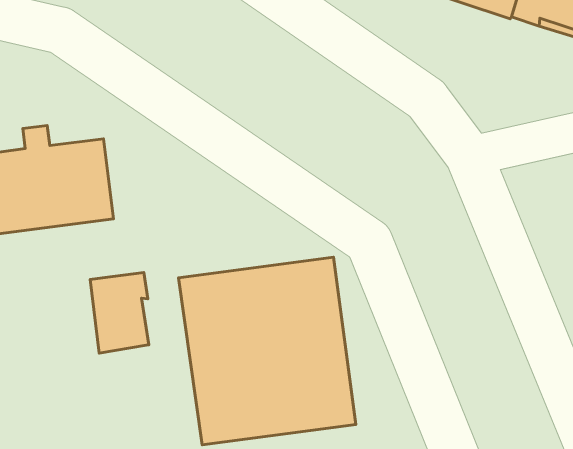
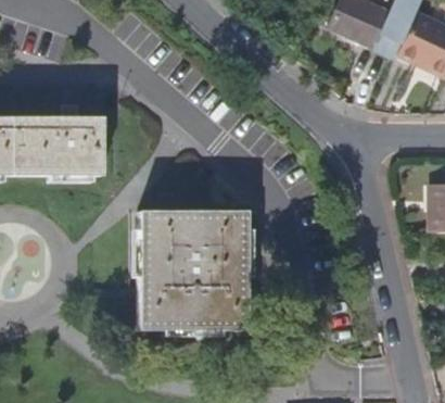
building: [90,272,149,353] -> none

